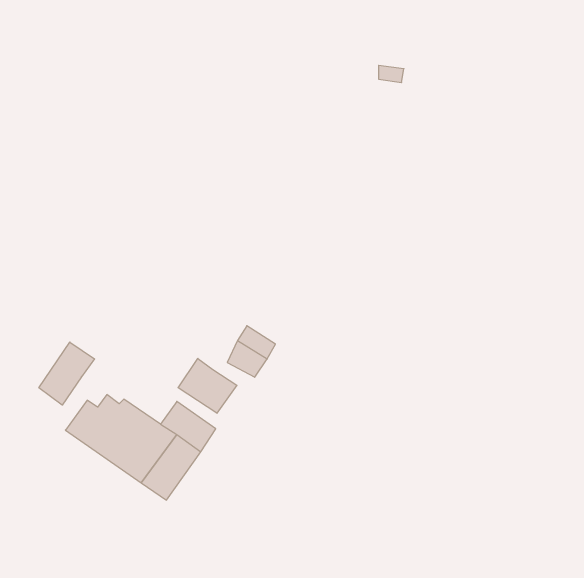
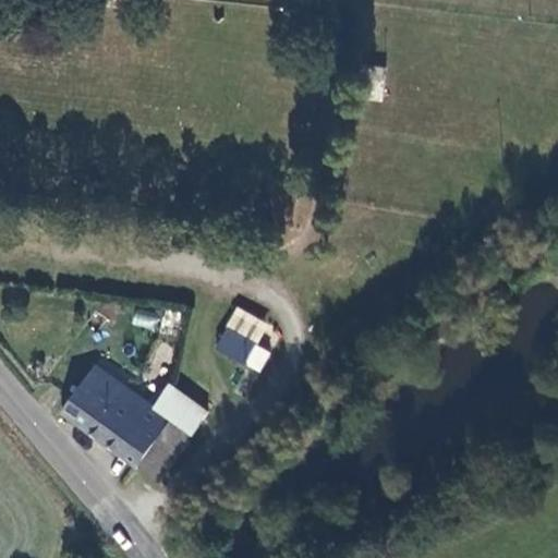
building: [39,342,95,405] -> none
building: [178,358,237,413] -> none

